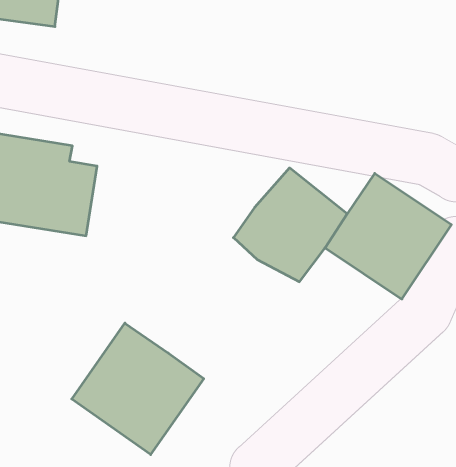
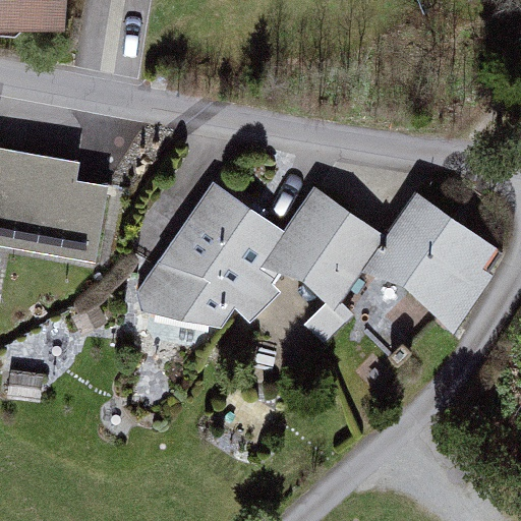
building: none -> [131,184,286,336]
building: [72,323,204,455] -> none

